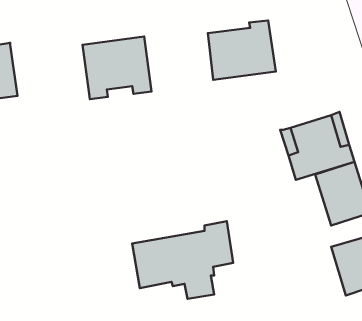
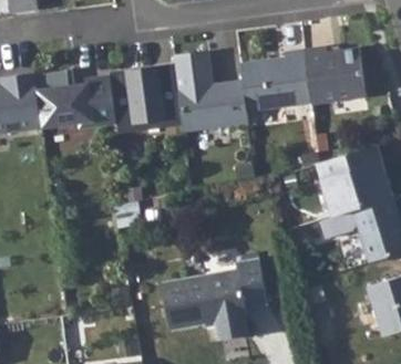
building: none -> [302,46,363,104]
building: none -> [172,51,247,132]
building: none -> [33,71,115,129]

